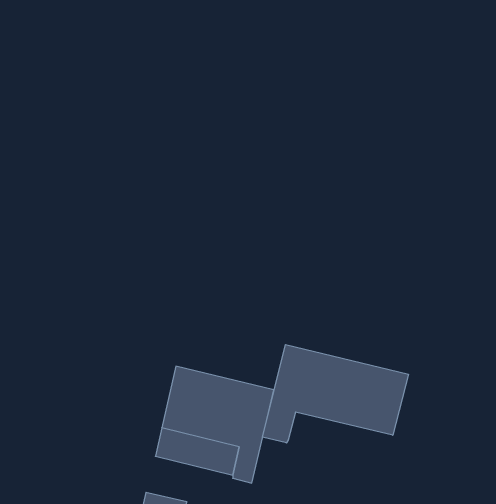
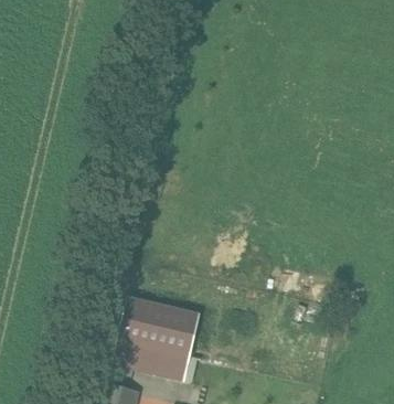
building: [263,345,408,443] -> none

